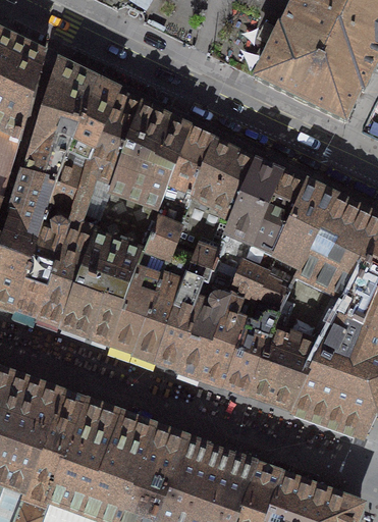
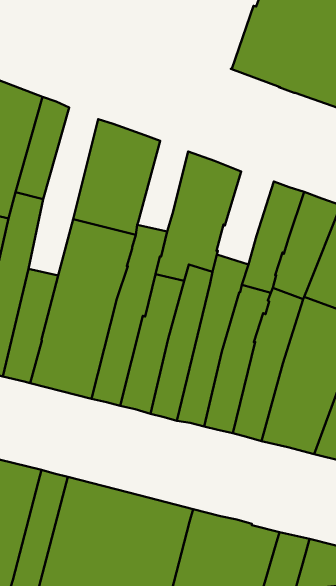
building: [68,96,140,236] -> none
building: [163,132,212,208] -> none
building: [227,164,281,243] -> none

